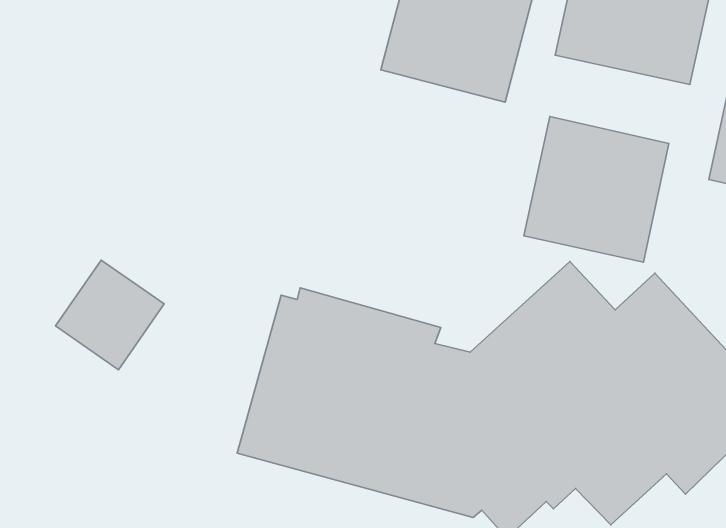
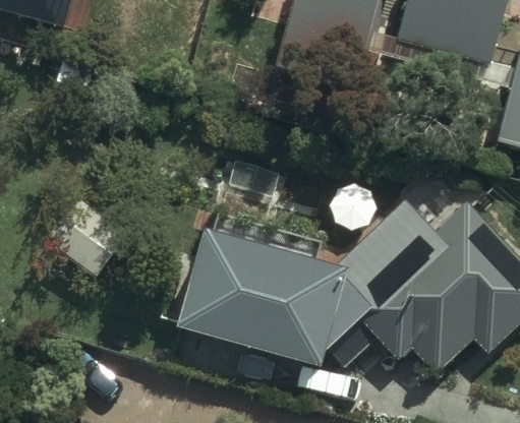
building: [524,116,669,262] -> none

